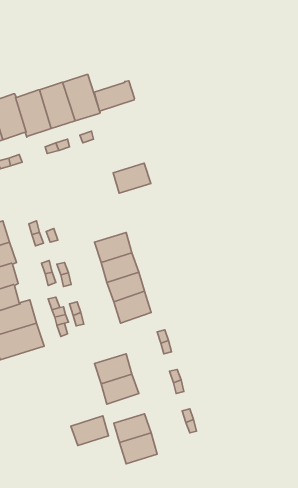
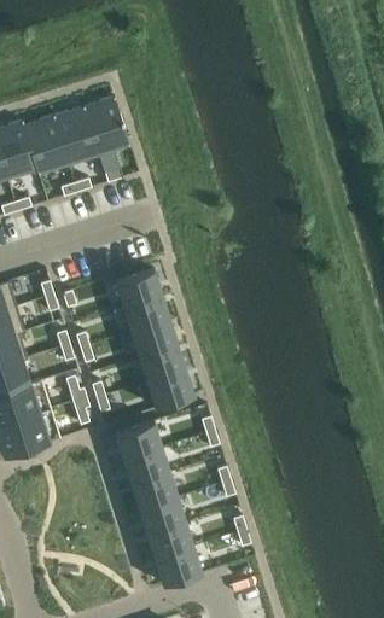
building: [94,81,134,111] -> none
building: [113,163,151,193] -> [115,269,162,307]
building: none -> [114,421,162,459]
building: [71,416,108,446] -> [138,496,185,534]

